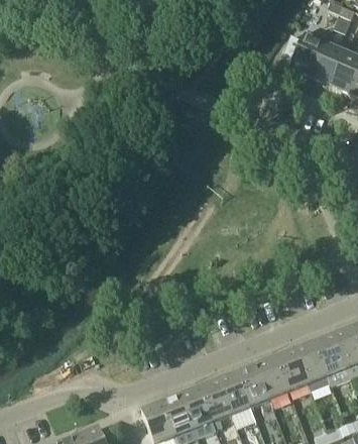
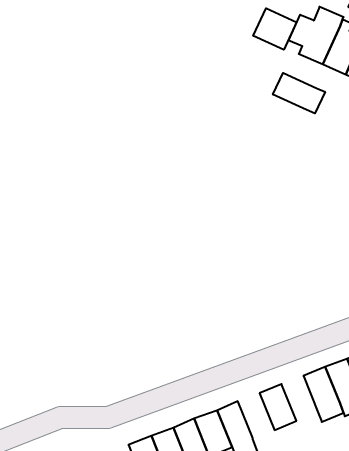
building: none -> [253,8,297,50]
building: none -> [273,73,325,113]
building: [277,349,310,388] -> none
building: [239,364,271,404] -> none

